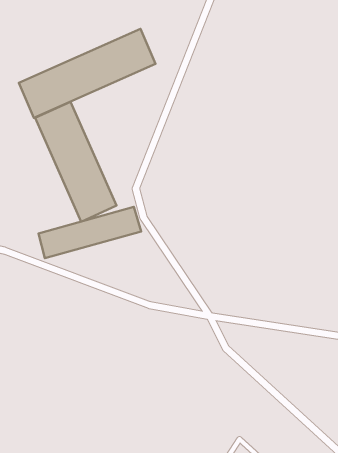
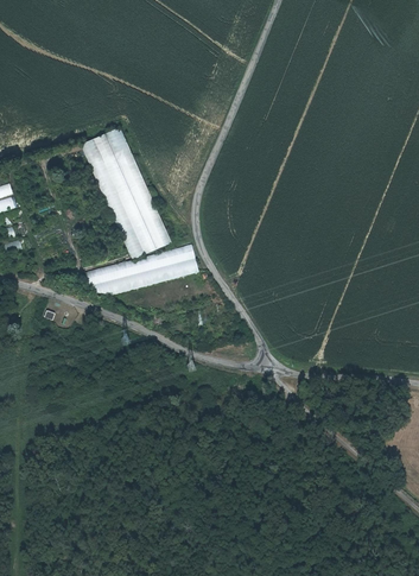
building: [19,29,156,118] -> none

